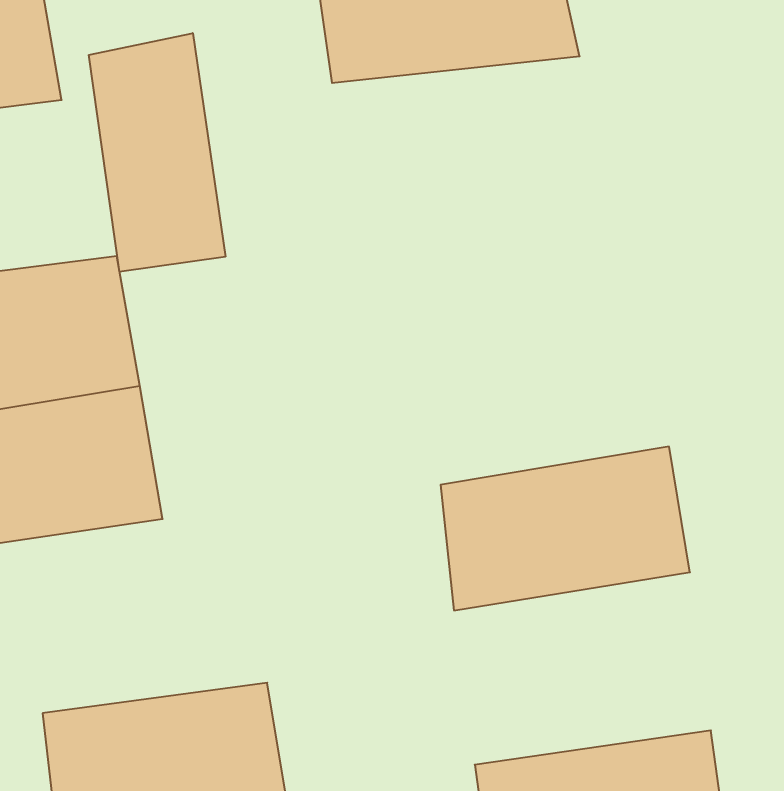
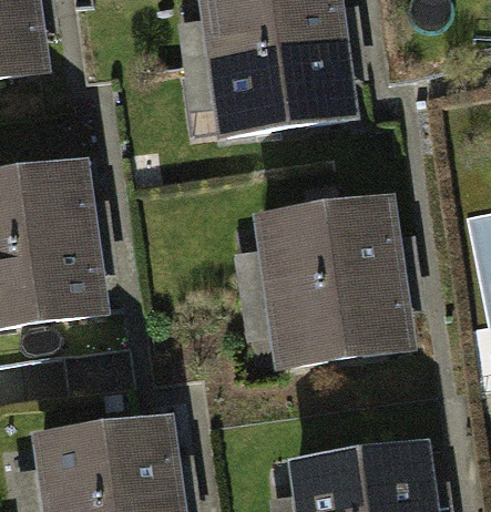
building: [89,33,225,272] -> none
building: none -> [206,47,366,142]
building: none -> [259,191,402,296]

